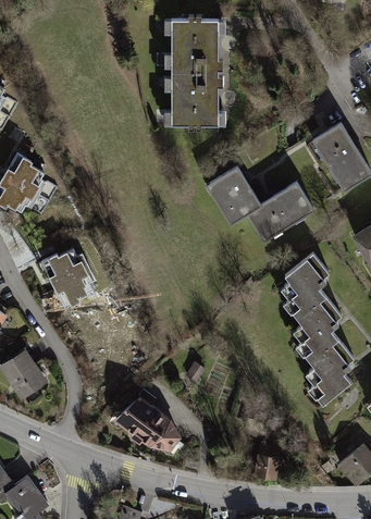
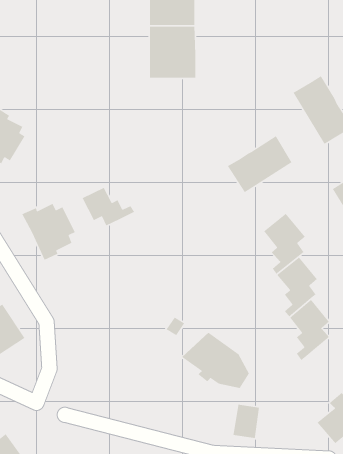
building: [206,164,261,223] -> none
building: none -> [82,187,135,226]
building: [112,397,181,454] -> [181,332,250,389]

